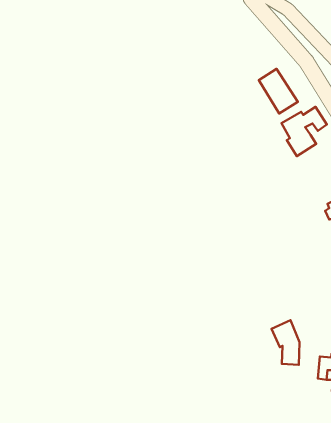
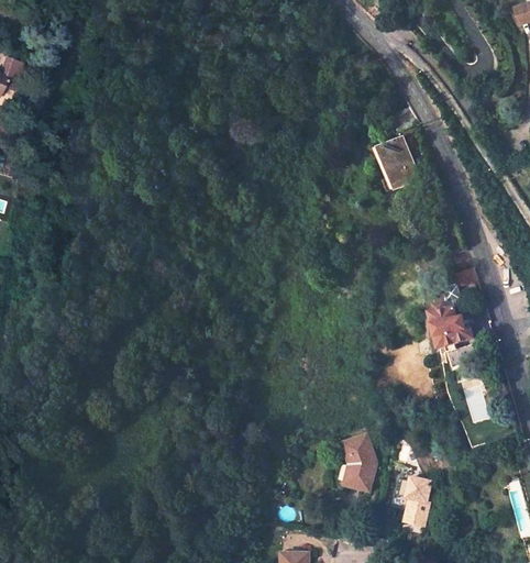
building: [282,107,327,156] -> none

